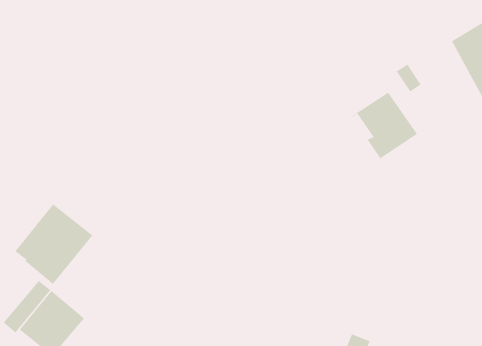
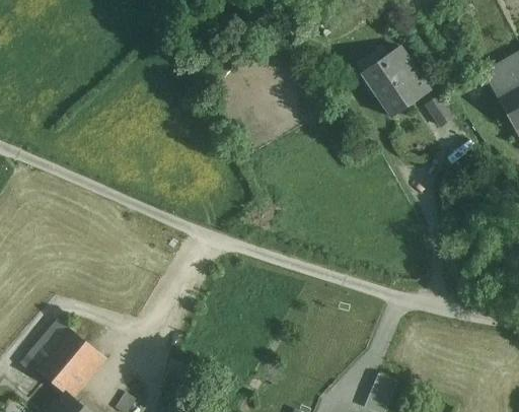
building: [350,92,418,160] -> [360,47,430,117]
building: [15,204,93,285] -> none

